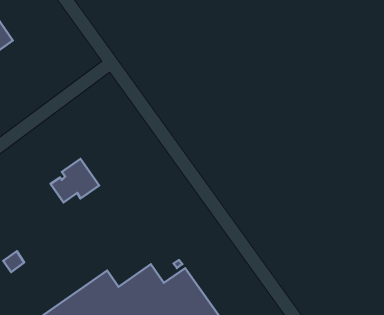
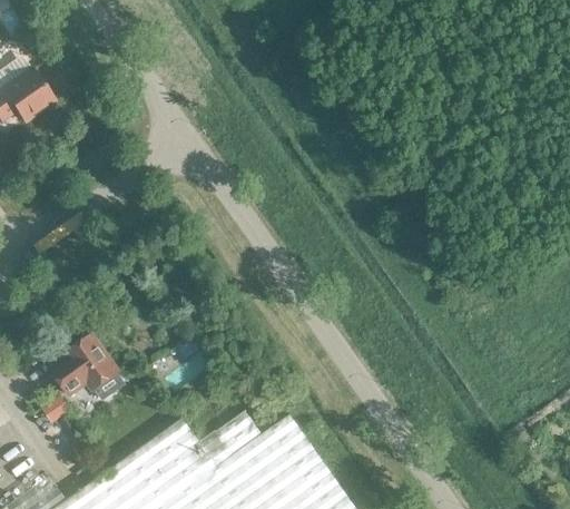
building: [50,159,99,202] -> [53,340,120,400]

